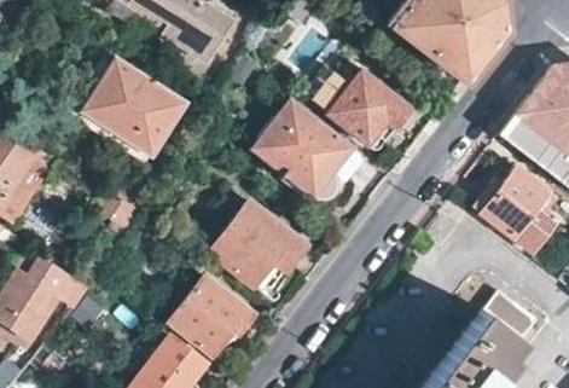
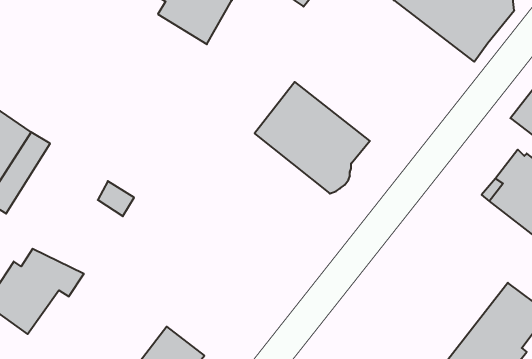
building: [82,58,178,151] -> none
building: [327,70,413,146] -> none
building: [210,202,306,301] -> none
building: [170,276,256,355] -> none

